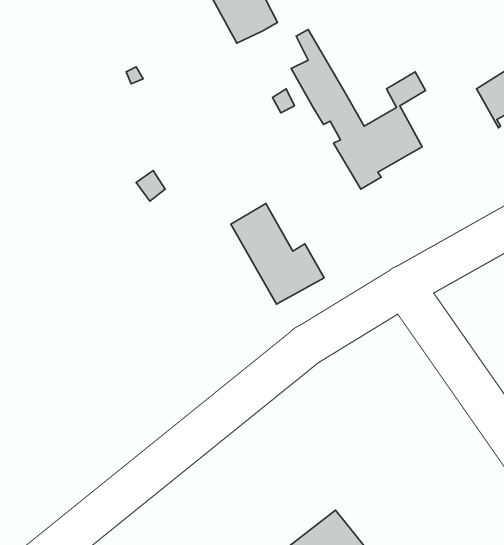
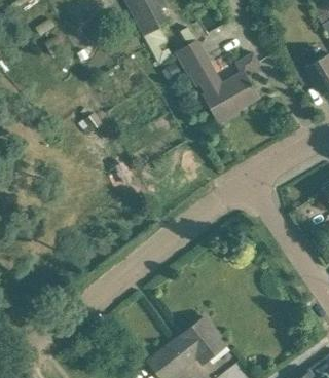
building: [231,203,324,304] -> none

